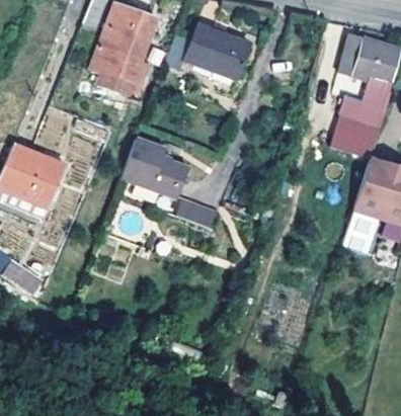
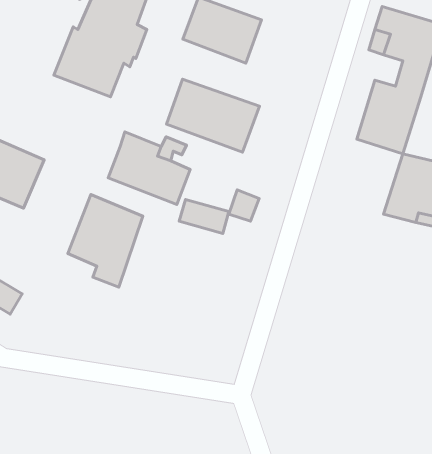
building: none -> [166,79,260,152]
building: none -> [68,195,143,287]

